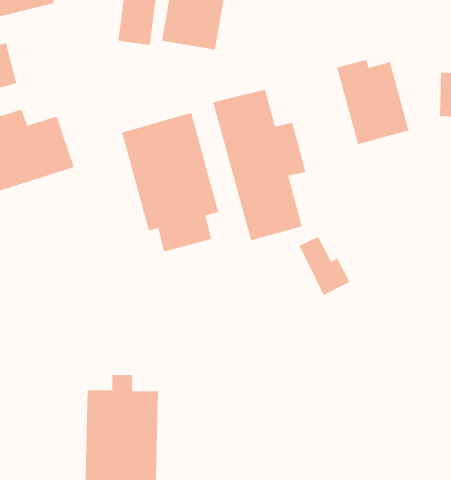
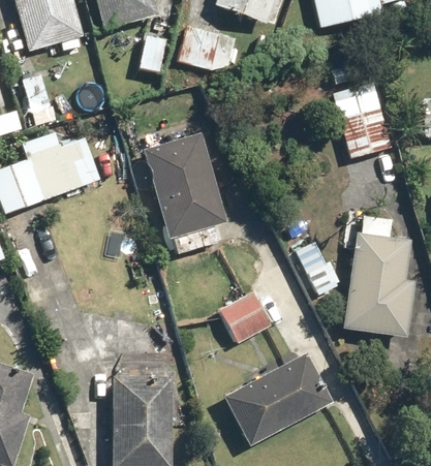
building: [212,89,306,241] -> none
building: none -> [344,219,408,333]
building: none -> [216,288,274,346]
building: none -> [222,354,332,447]

